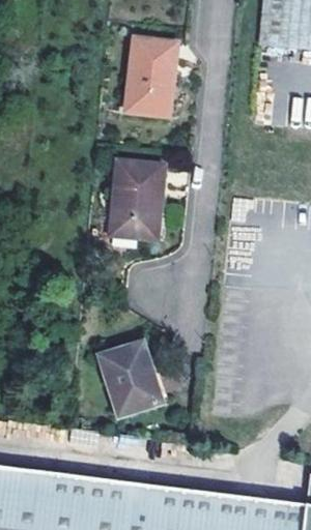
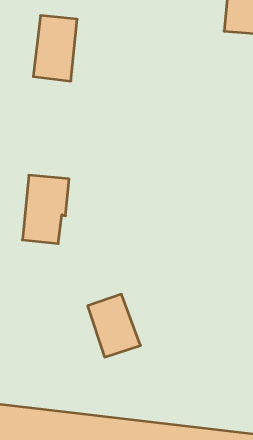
building: [126,41,177,117] -> [33,16,77,81]
building: [112,164,166,242] -> [22,175,69,244]

